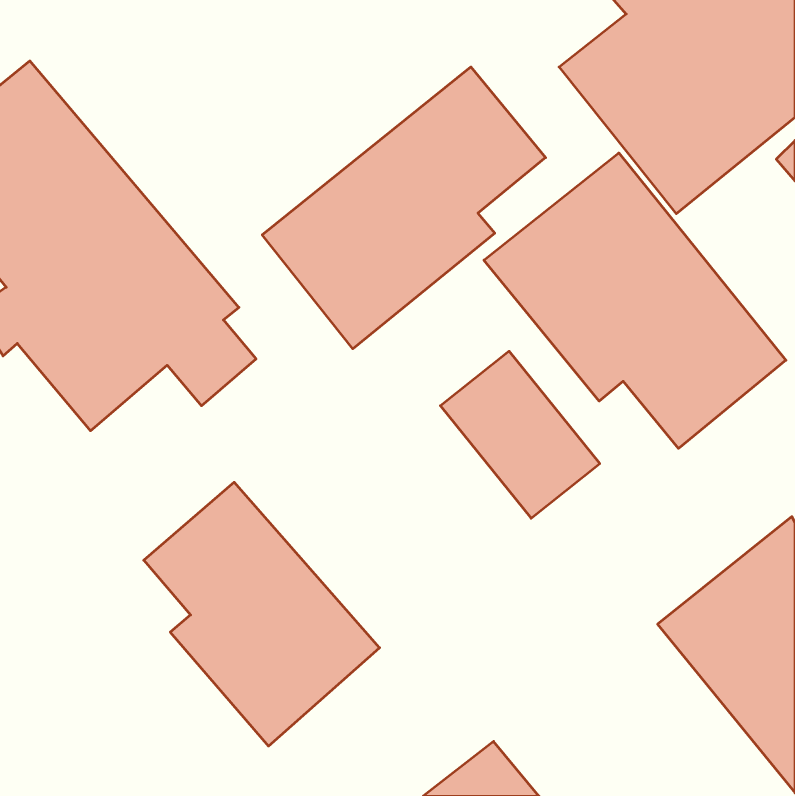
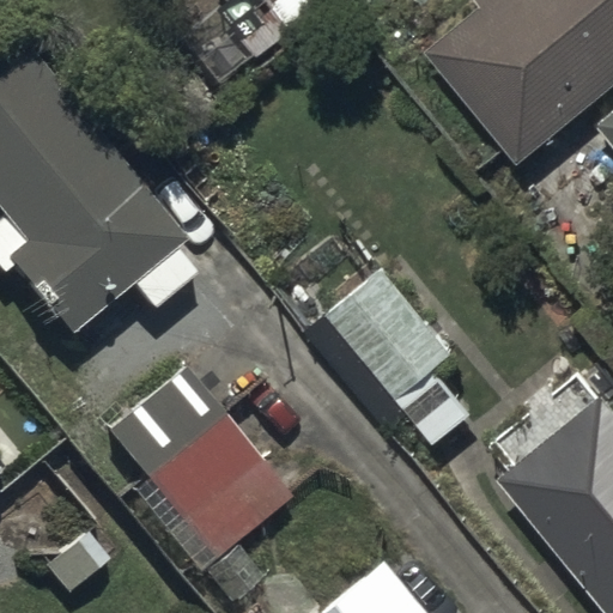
building: [262,67,546,349] -> none
building: [484,153,786,448] -> none

